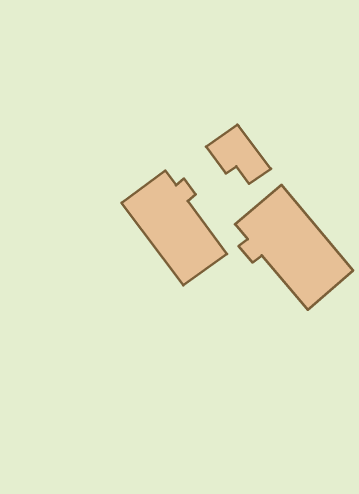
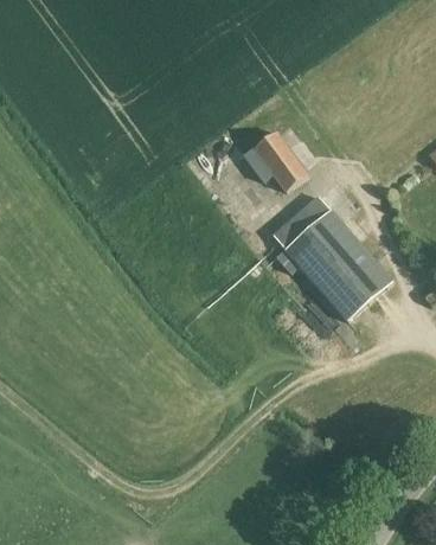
building: [122,171,227,285] -> none

